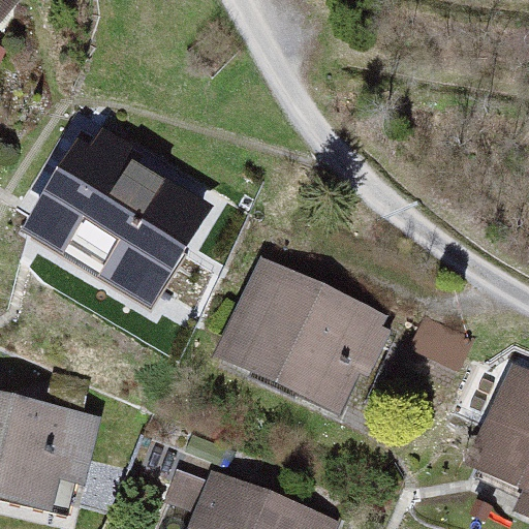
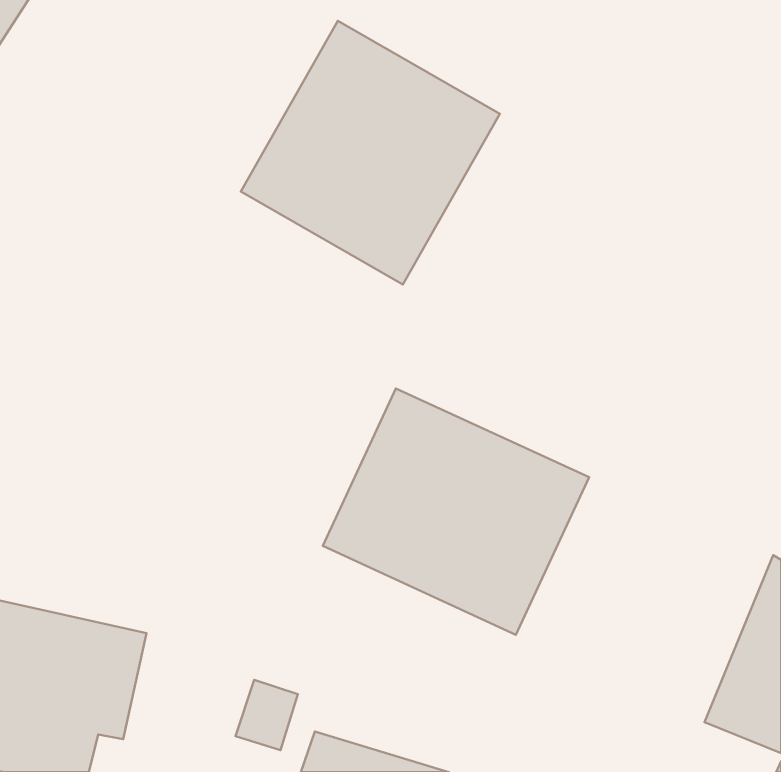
building: none -> [241,21,500,285]
building: [26,132,215,313] -> none

